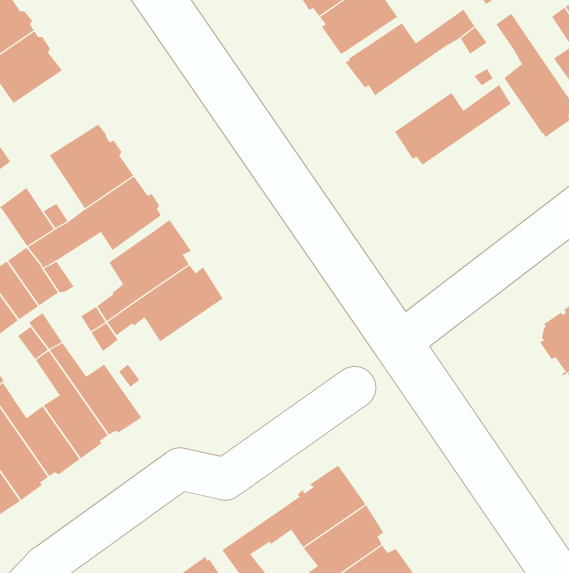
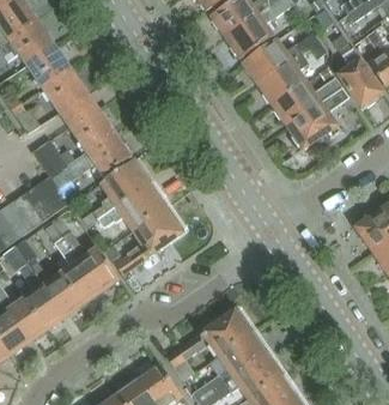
building: none -> [260,54,310,105]
building: none -> [42,68,93,120]
building: none -> [288,89,350,149]
building: none -> [114,206,187,273]

